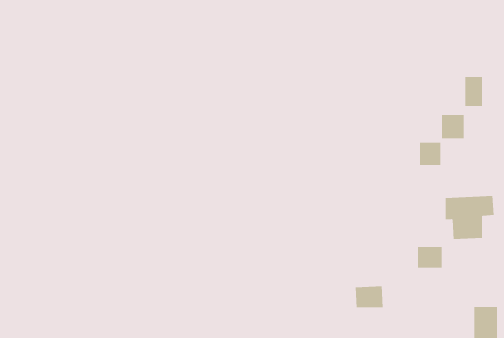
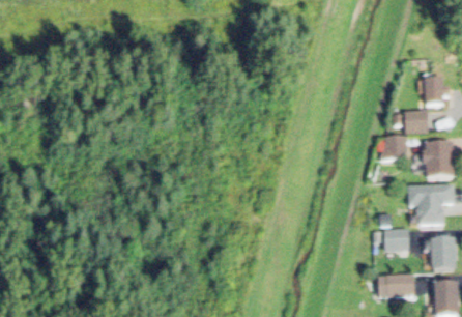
building: none -> [426,143,452,177]
building: none -> [431,238,453,267]
building: [355,286,384,308] -> [386,275,412,294]

